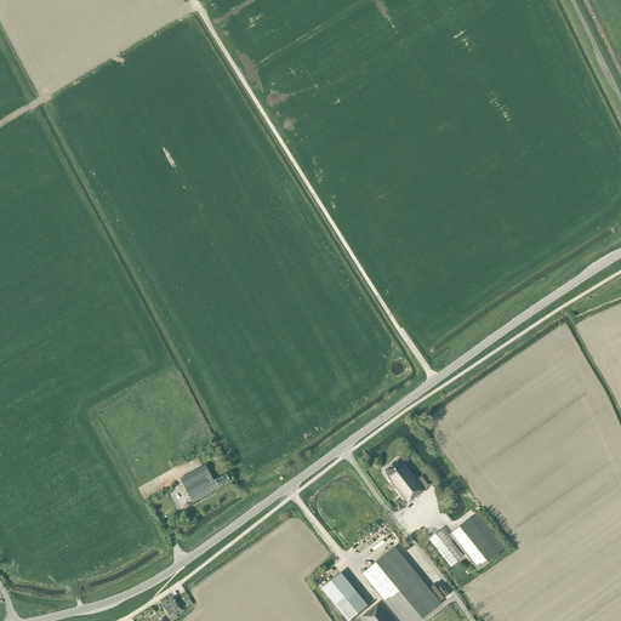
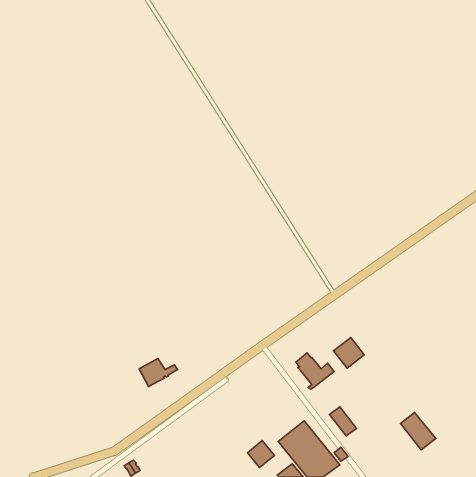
building: none -> [334,337,364,368]
building: [452,520,498,569] -> [401,412,436,450]

